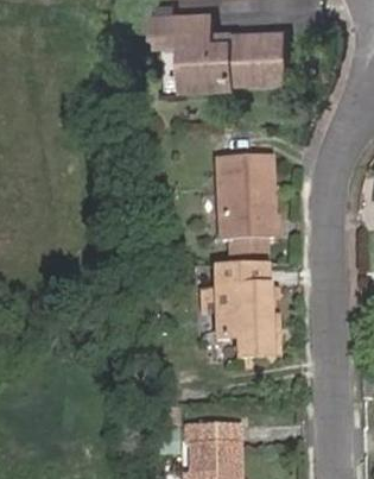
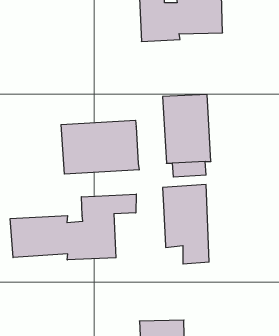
building: none -> [61,120,139,174]
building: none -> [10,194,136,260]

